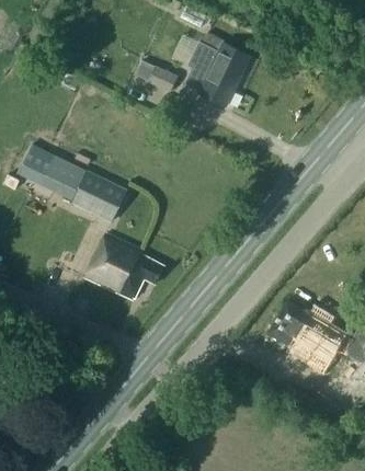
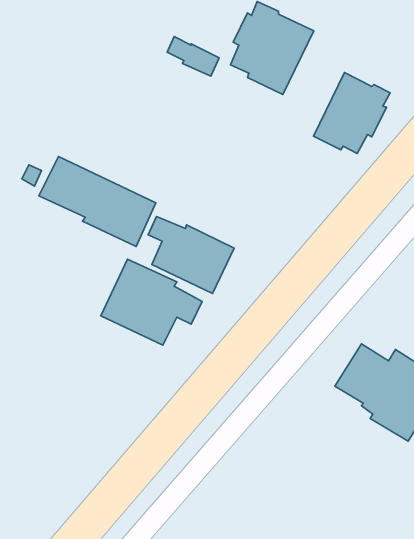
building: none -> [313,73,390,153]
building: none -> [148,216,234,293]

